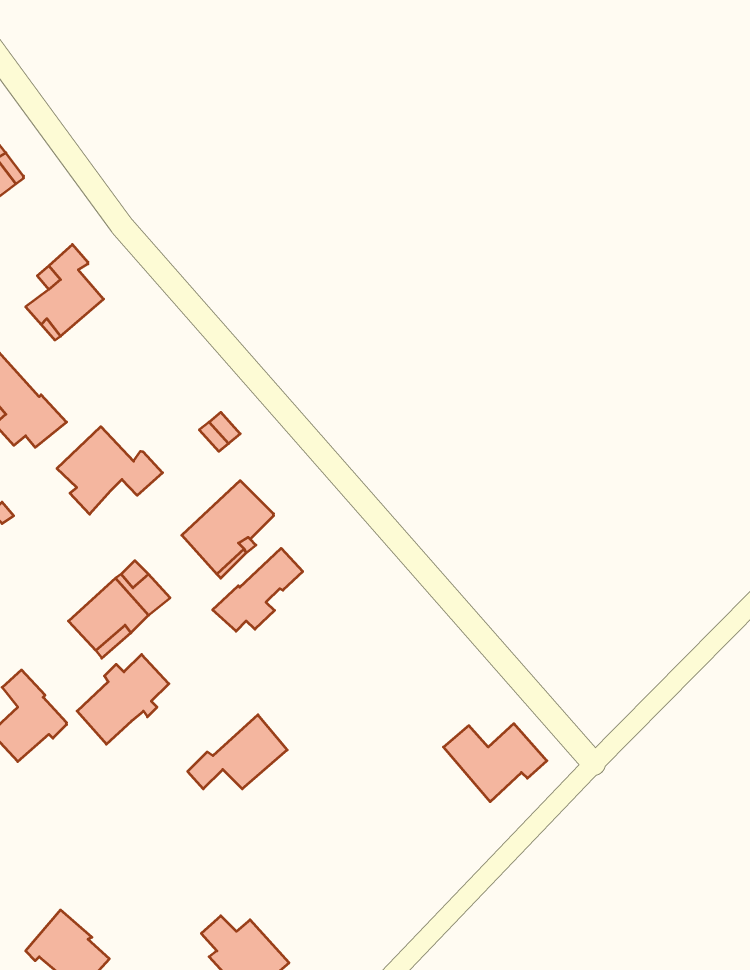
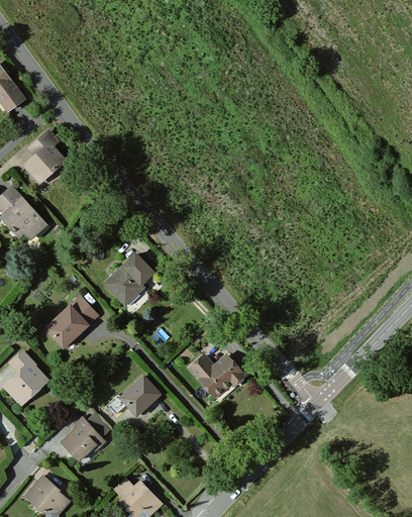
building: [57,427,163,514] -> none
building: [213,548,303,631] -> none
building: [77,654,169,744] -> [63,413,110,459]
building: [443,724,547,802] -> [194,356,247,397]

